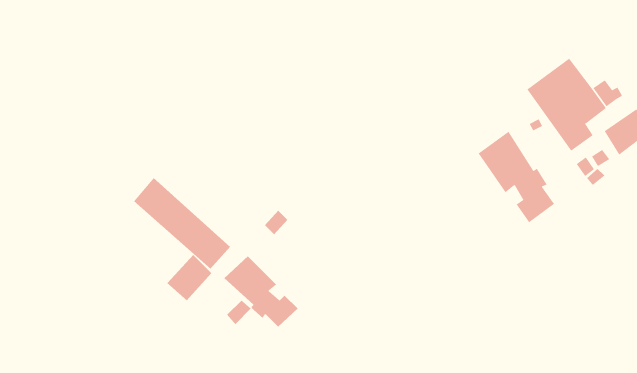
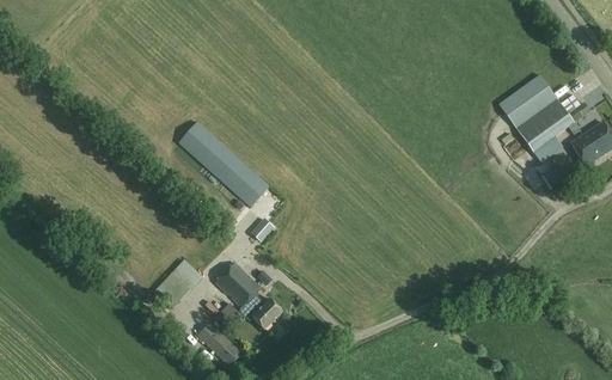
building: [478,131,555,223] -> none
building: [133,177,231,269] -> [178,119,270,207]
building: none -> [197,321,243,366]

